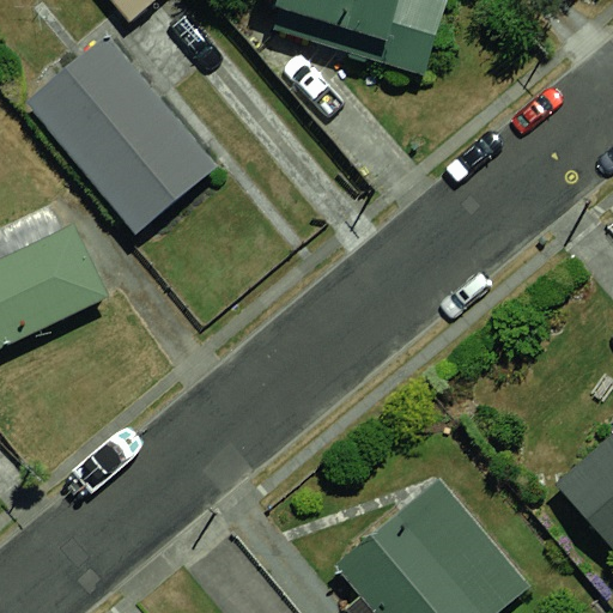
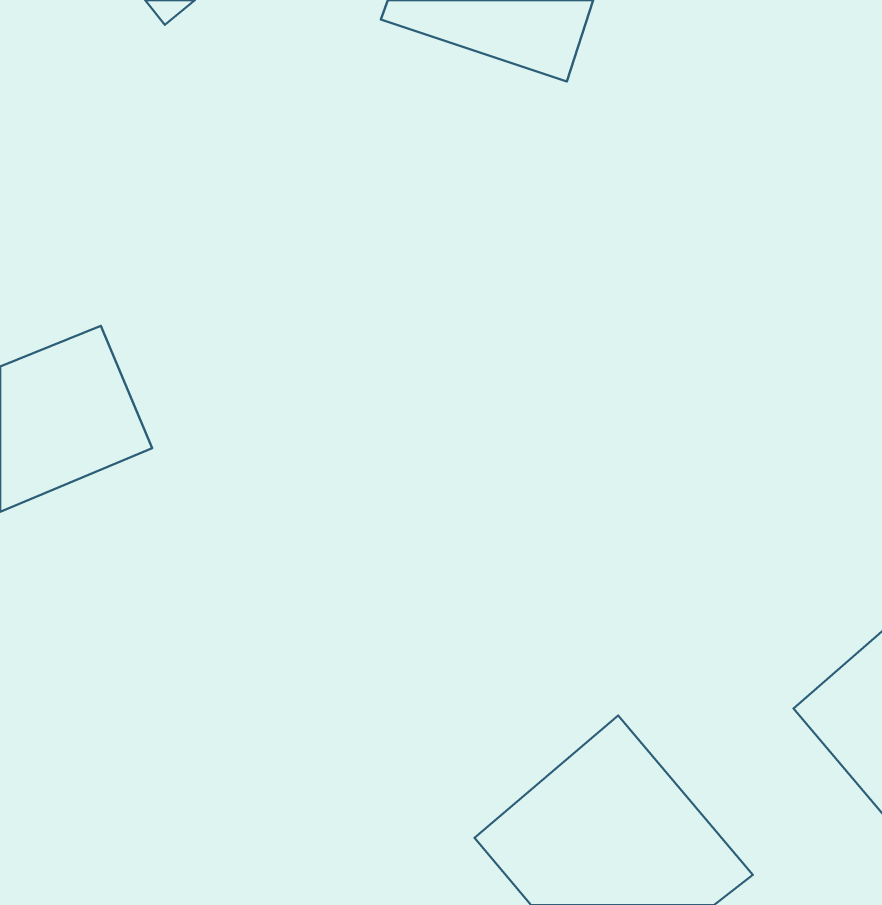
building: [32,36,216,232] -> none

